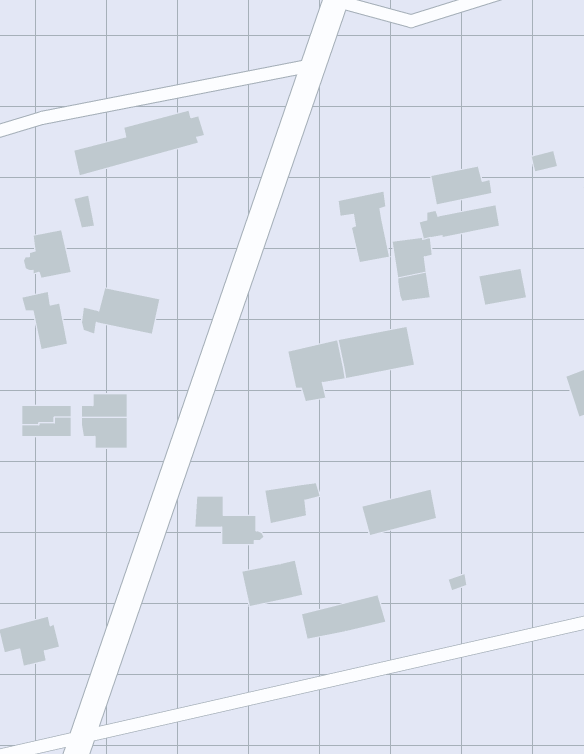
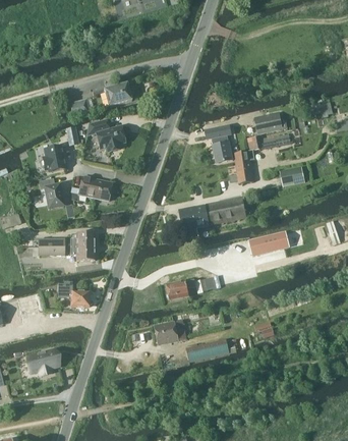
building: none -> [86,119,124,152]
building: [362,489,437,535] -> [249,231,289,256]
building: [195,496,264,544] -> [57,281,94,307]

